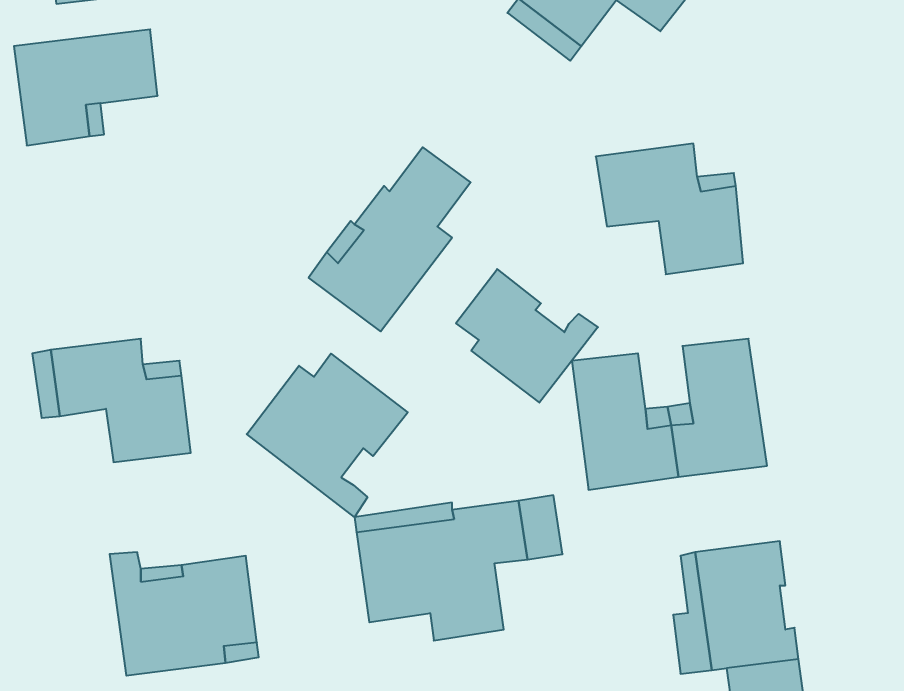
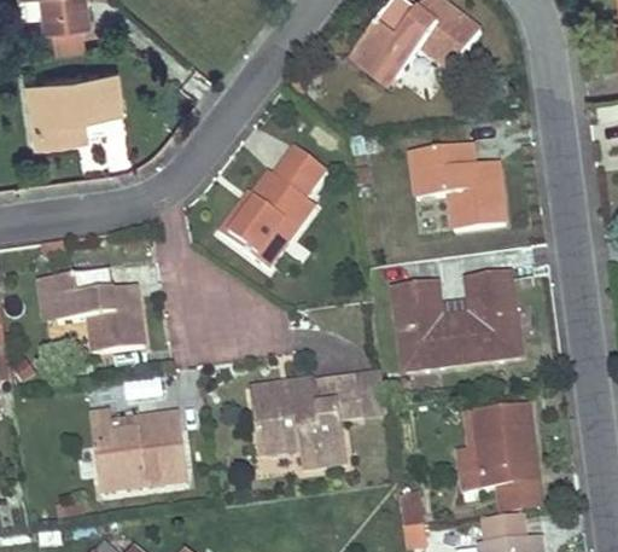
building: [456,269,598,403] -> none
building: [247,354,408,517] -> none

